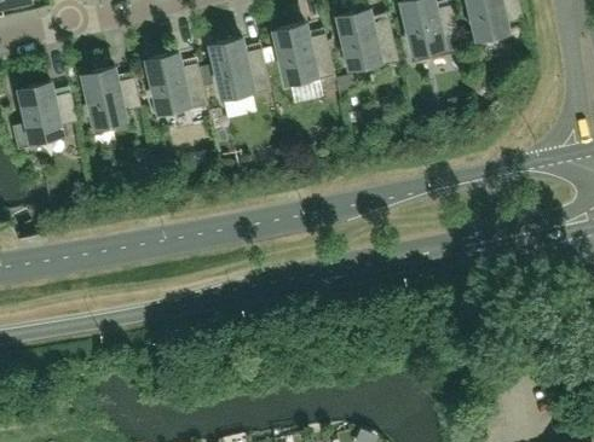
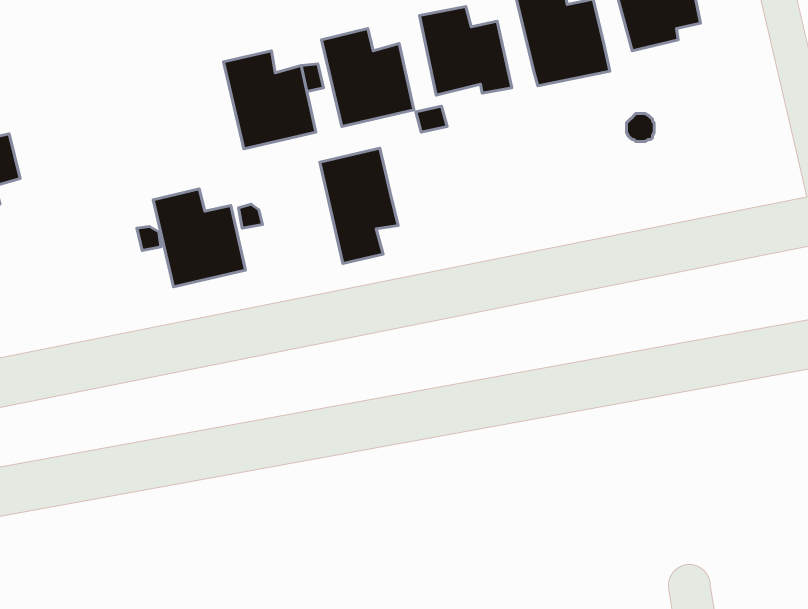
building: [145,53,206,117] -> [153,189,246,287]
building: [81,68,139,126] -> none
building: none -> [320,148,398,263]

